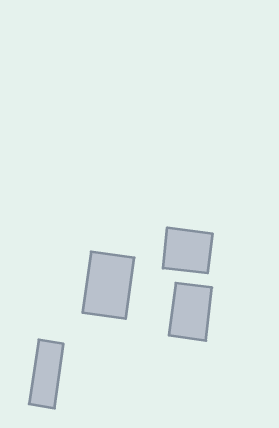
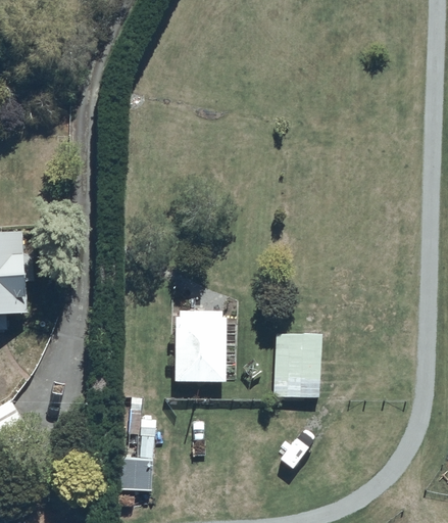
building: [163,228,212,273] -> none

